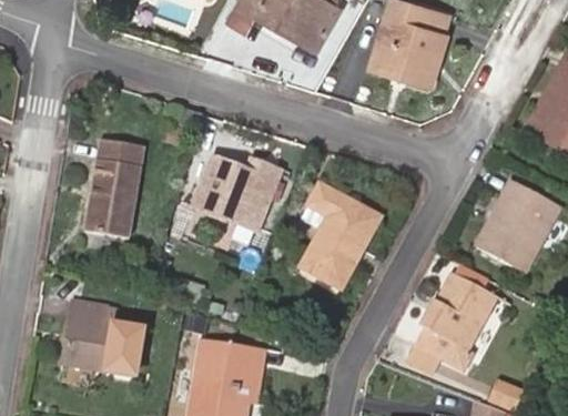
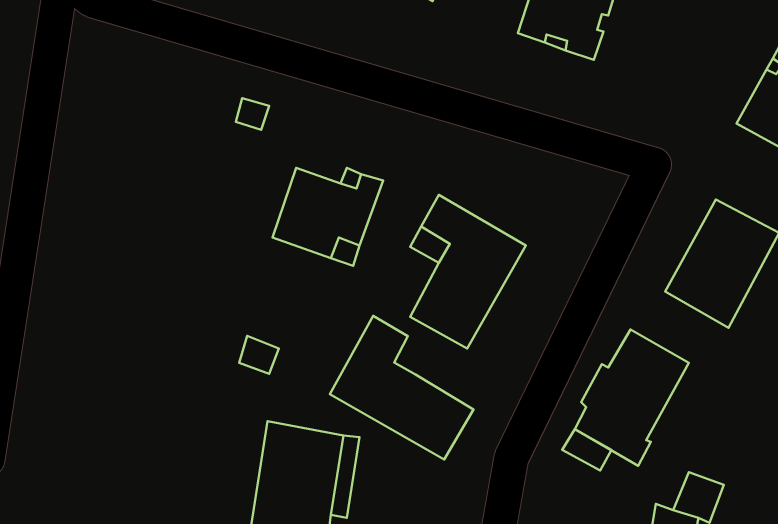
building: [84,136,144,239] -> none
building: none -> [330,316,474,459]
building: [63,294,145,374] -> none

